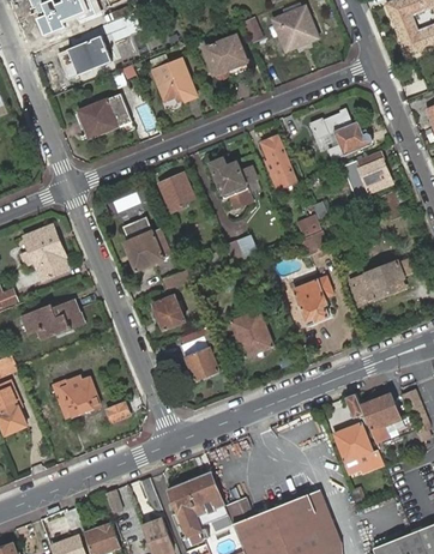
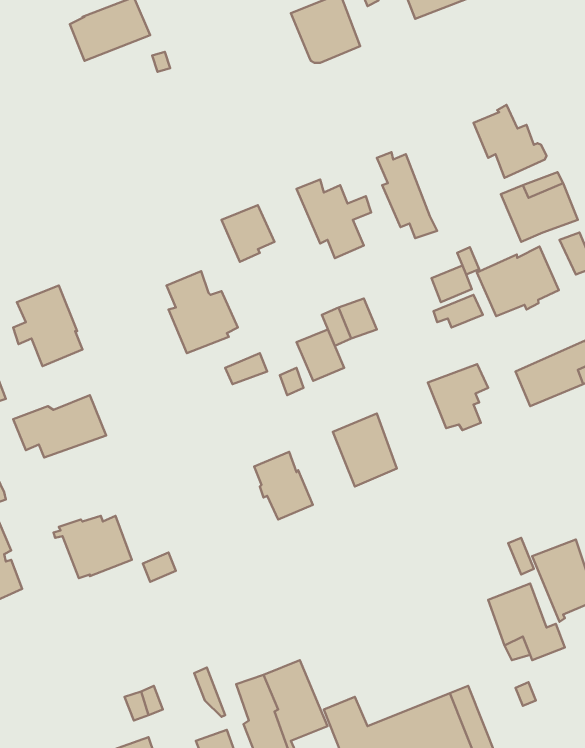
building: [150,56,193,101] -> none
building: [76,92,131,138] -> none
building: none -> [477,246,559,316]
building: [152,295,183,329] -> [297,330,344,381]

